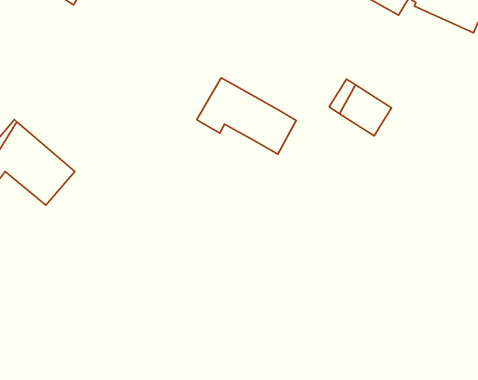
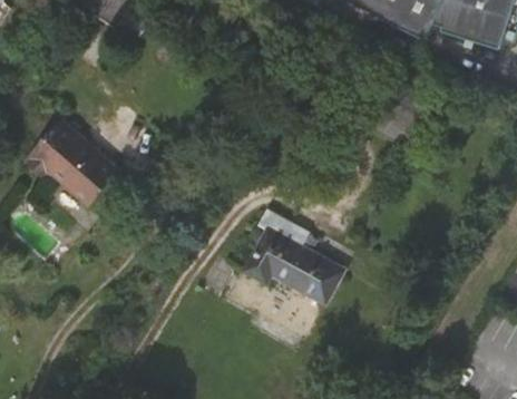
building: [197,78,296,154] -> [241,227,336,301]

